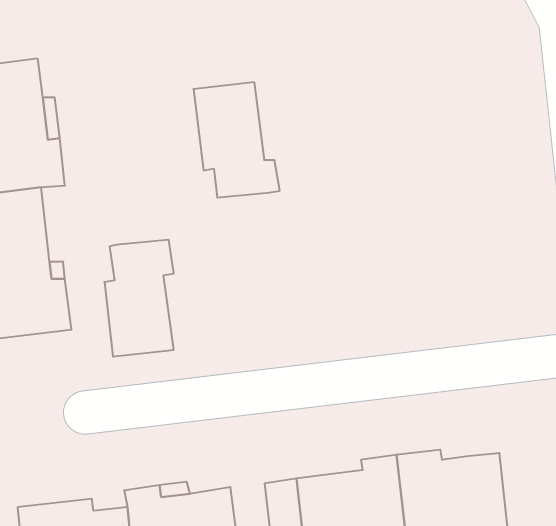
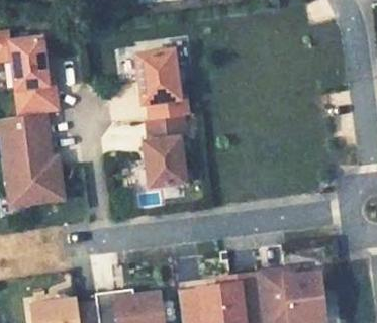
building: [104,240,174,357] -> [144,116,185,186]

